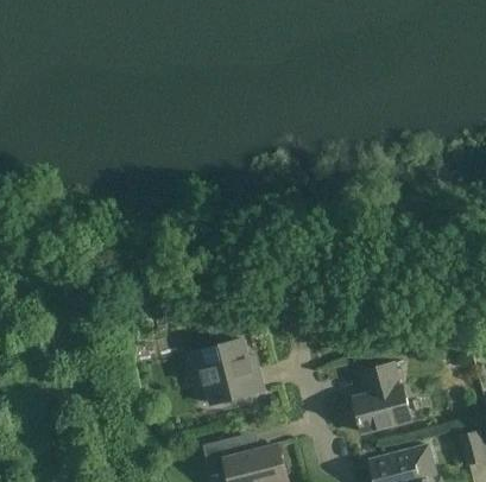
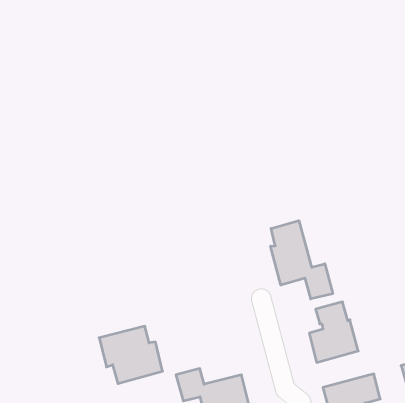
building: none -> [271,221,333,299]
building: [191,338,264,404] -> [99,326,163,384]

